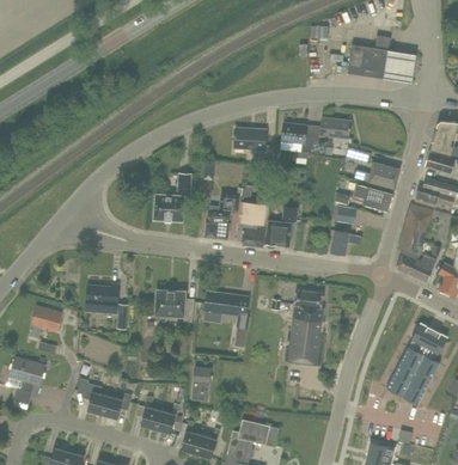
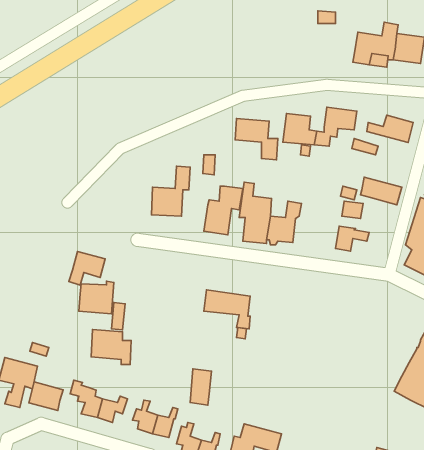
building: [355,163,399,189] -> [367,115,413,143]
building: [155,289,194,323] -> [91,329,131,364]
building: [285,290,324,366] -> none
building: [28,306,62,338] -> [69,251,105,285]
building: none -> [29,382,63,411]

